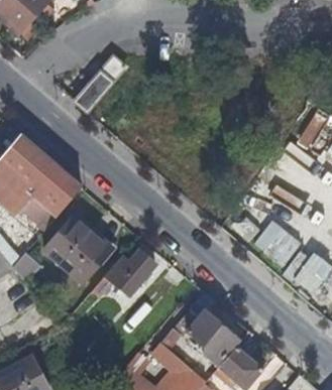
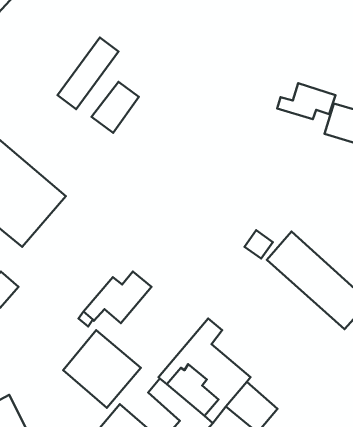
building: none -> [91,82,139,133]
building: none -> [277,83,336,119]
building: [45,217,112,283] -> [63,330,141,408]

